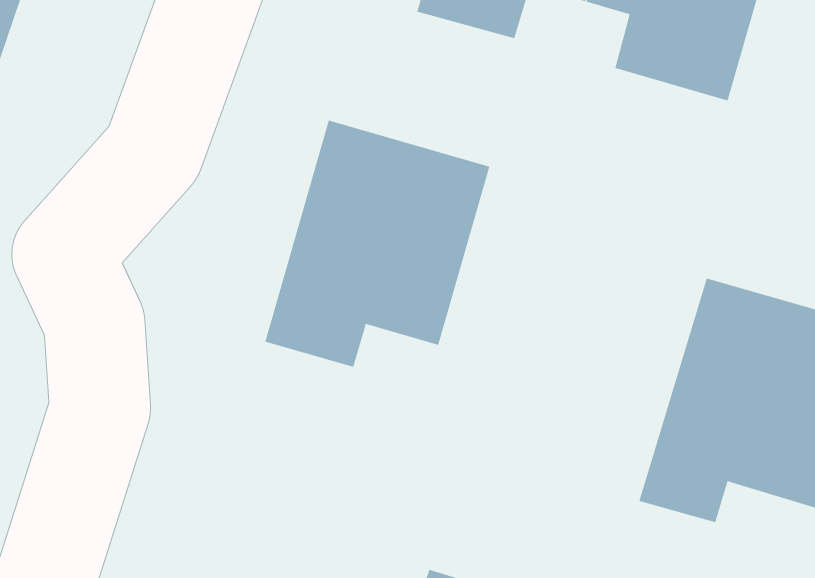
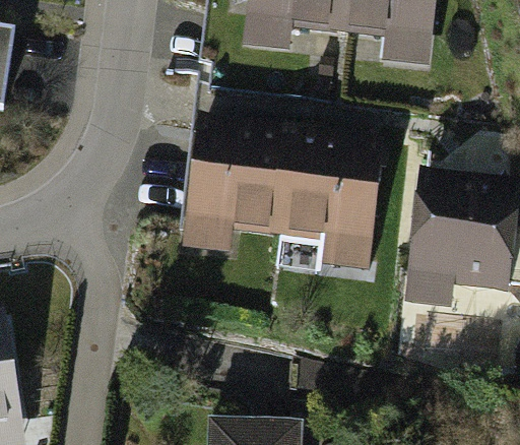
building: none -> [279,127,387,273]

